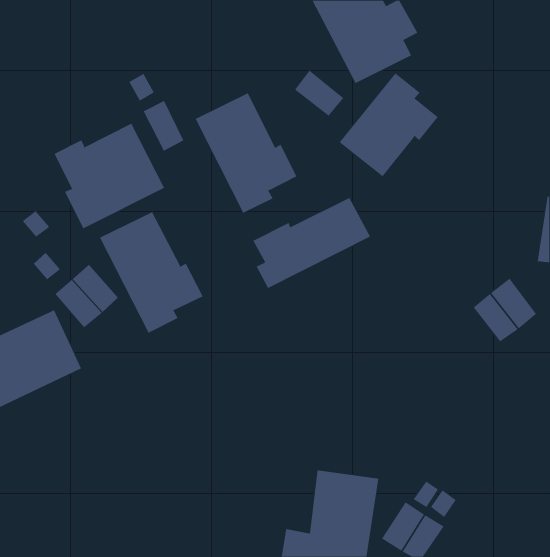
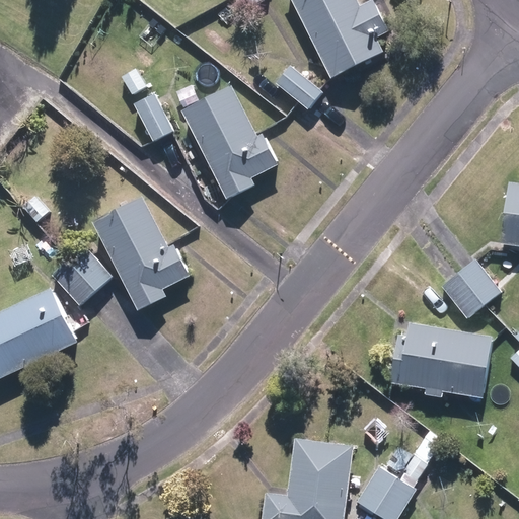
building: [339,73,439,177] -> none
building: [54,123,165,229] -> none
building: [252,197,371,289] -> none
building: none -> [389,322,492,398]

